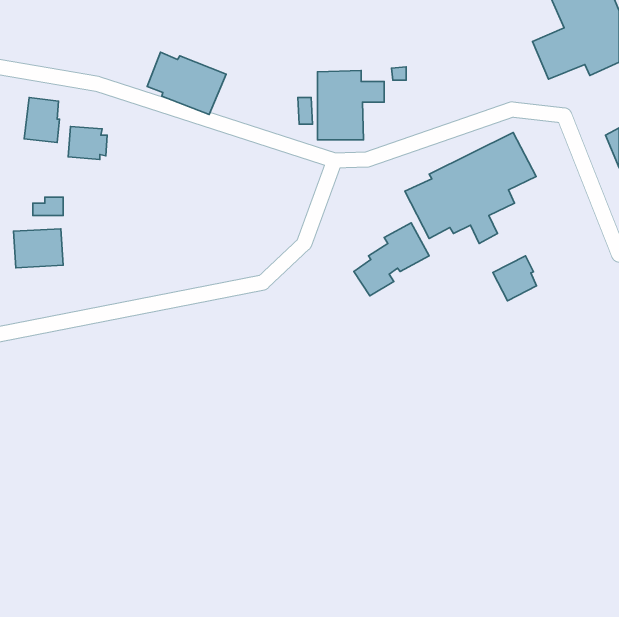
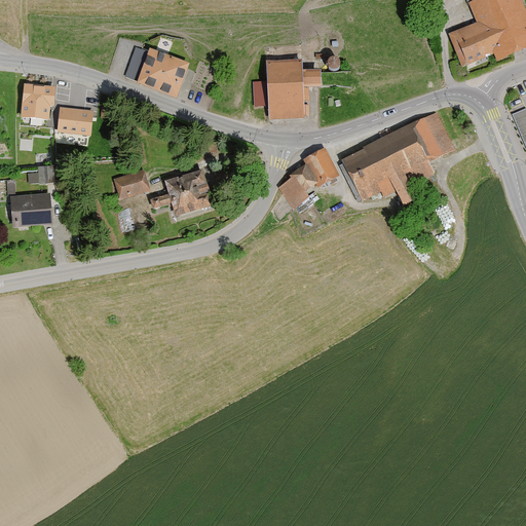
building: none -> [113,168,150,198]
building: none -> [151,168,214,214]
building: [354,223,429,296] -> [277,147,341,209]
building: [493,256,536,301] -> none

